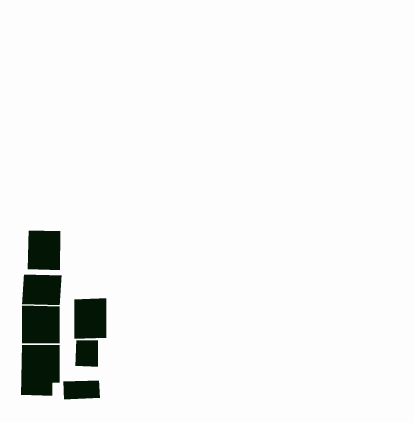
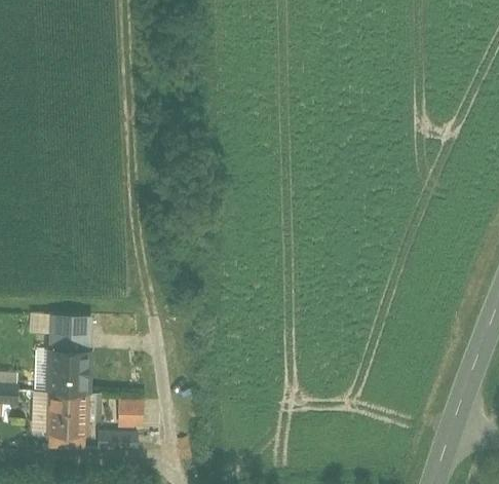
building: [27,230,61,271] -> none
building: [73,298,107,340] -> none

